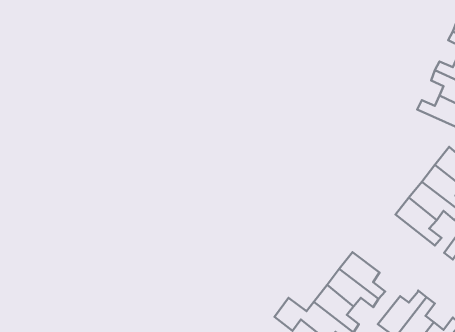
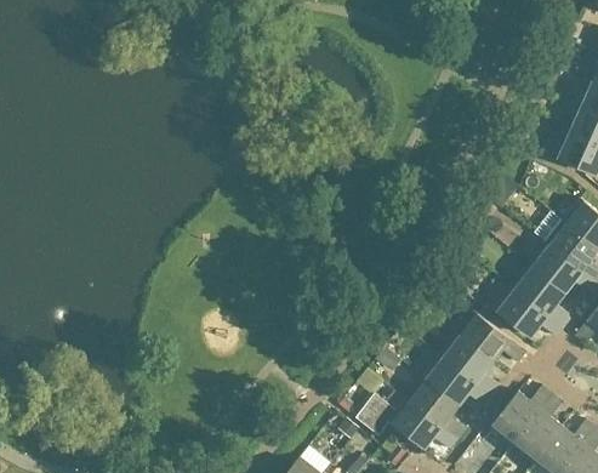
building: none -> [496,286,564,337]
building: none -> [457,312,525,361]

